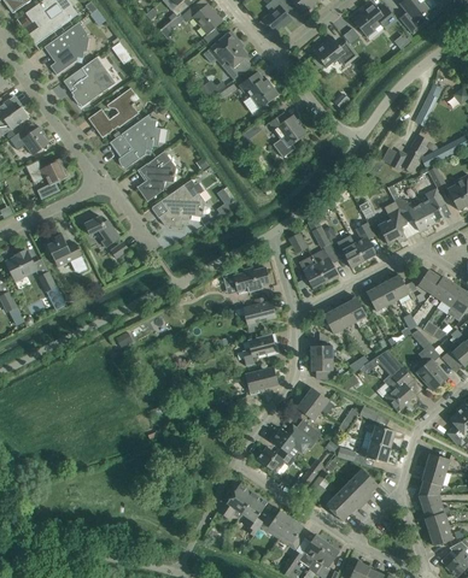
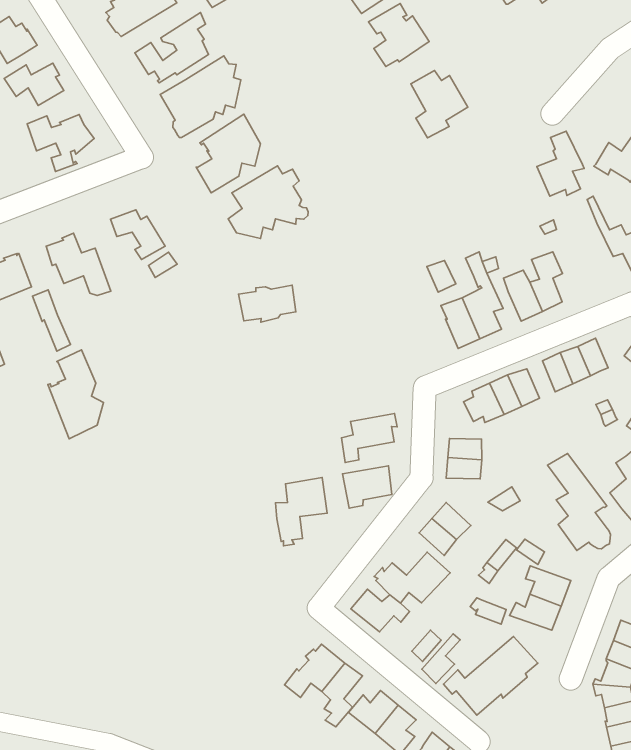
building: [378,201,408,243] -> [537,131,584,196]
building: [233,266,270,291] -> [238,285,296,322]
building: [242,300,276,331] -> none
building: none -> [48,350,104,439]
building: none -> [275,478,327,546]

